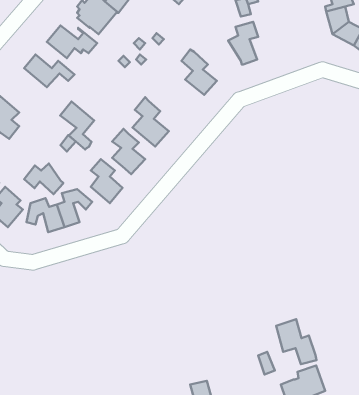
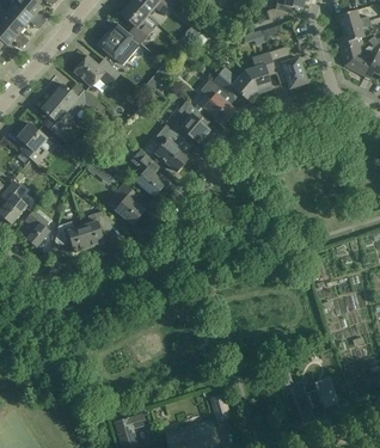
building: none -> [269,45,307,87]
building: none -> [213,66,258,102]
building: none -> [170,99,213,145]
building: [60,102,94,149] -> [41,96,73,141]
building: [24,163,63,194] -> none
building: [276,319,316,364] -> none

